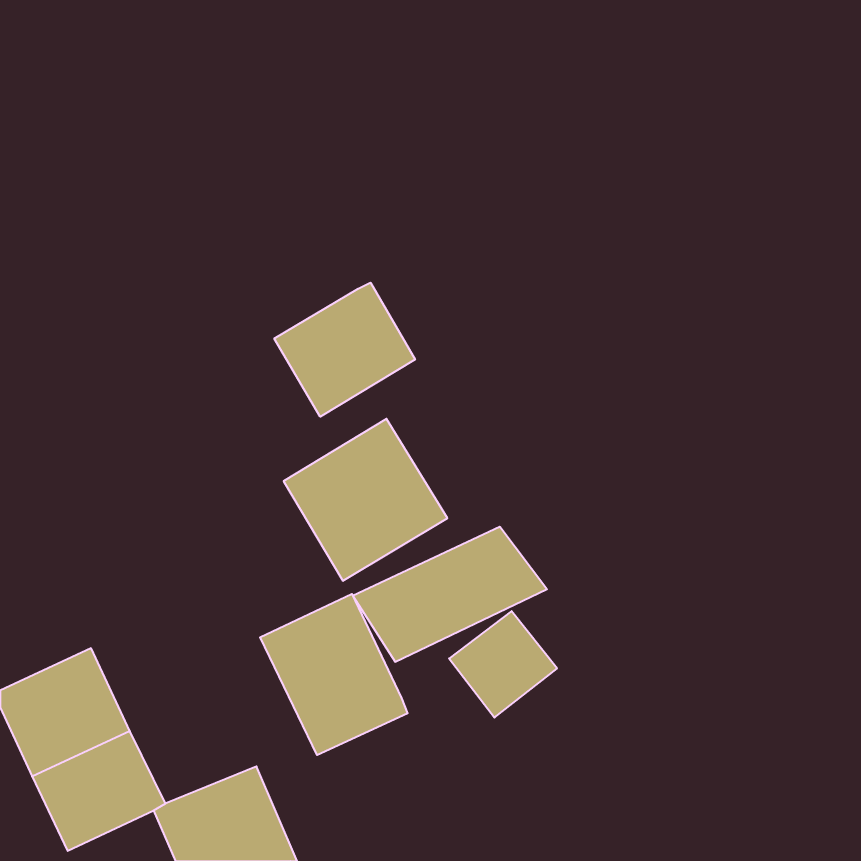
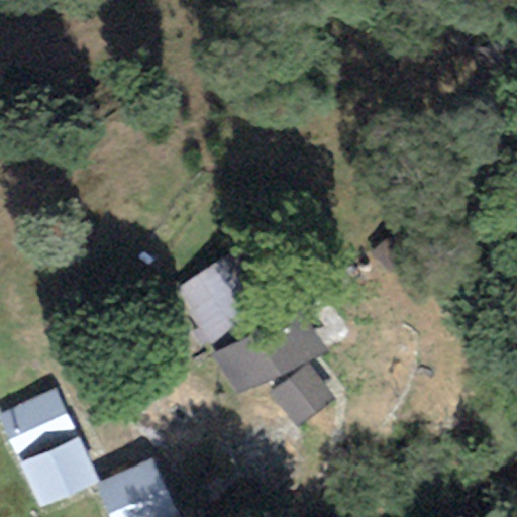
building: [274,283,415,417] -> none
building: [260,594,408,755] -> none

